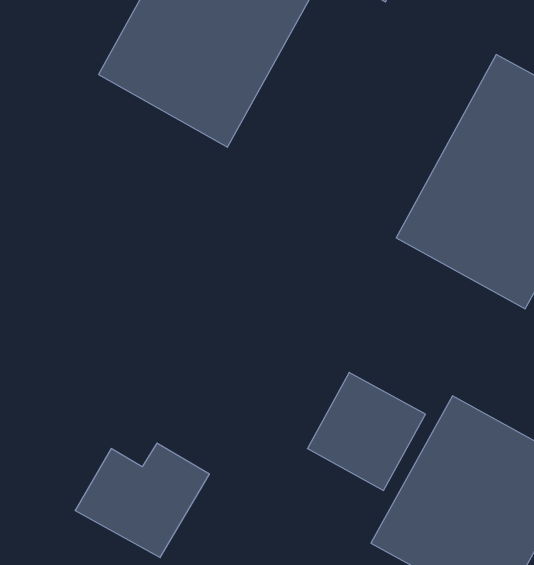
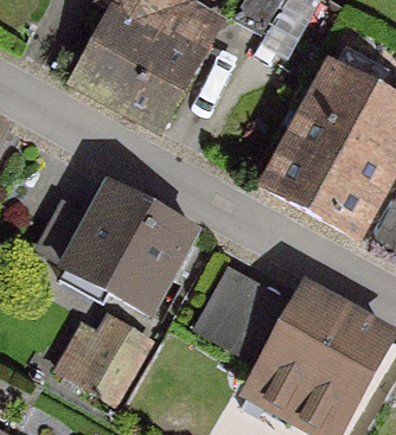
building: none -> [64,183,194,312]

